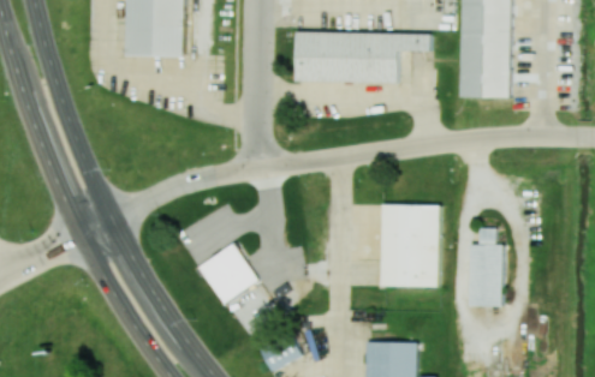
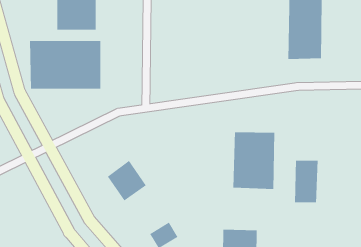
building: [293,31,429,83] -> none
building: none -> [29,40,101,90]

